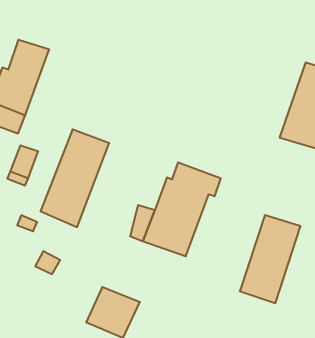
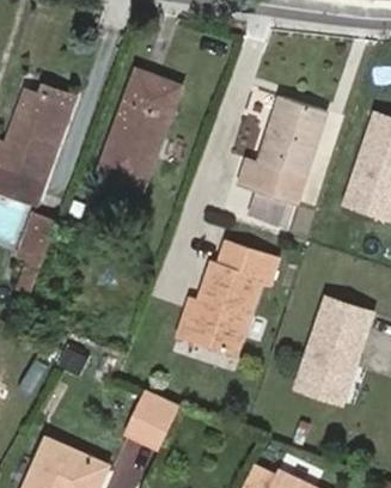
building: none -> [239,99,325,224]
building: [40,129,109,227] -> [98,73,181,190]

